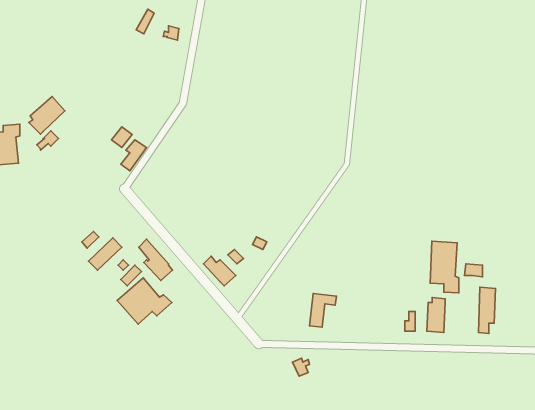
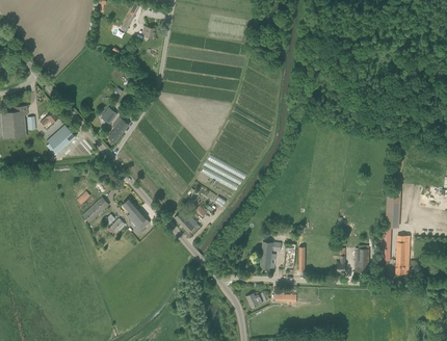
building: [29,97,65,134] -> [46,125,75,155]
building: [430,241,459,293] -> none
building: [117,278,172,324] -> none

